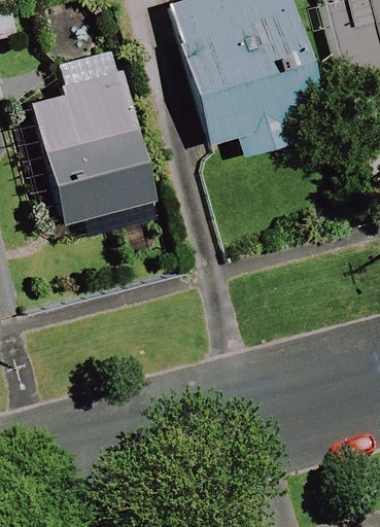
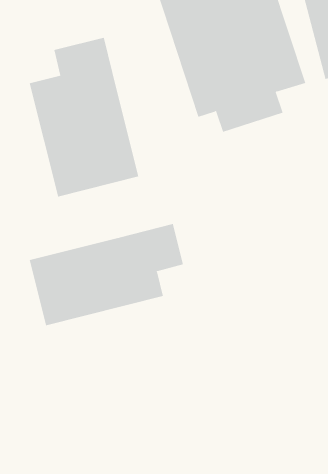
building: none -> [29,223,184,326]

